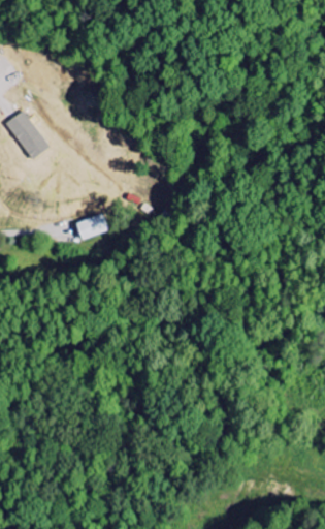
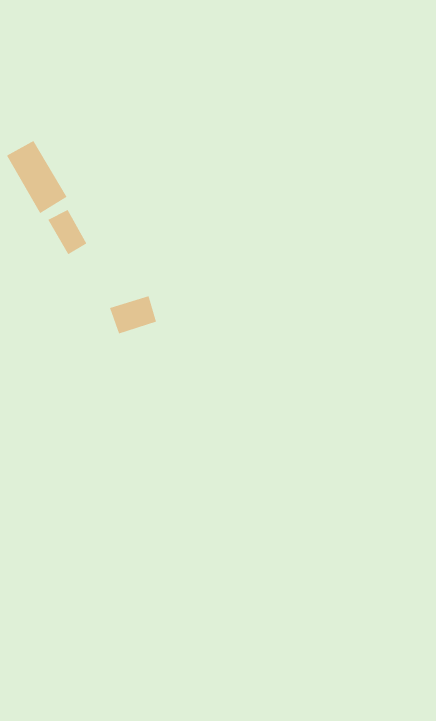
building: none -> [47,209,87,255]

